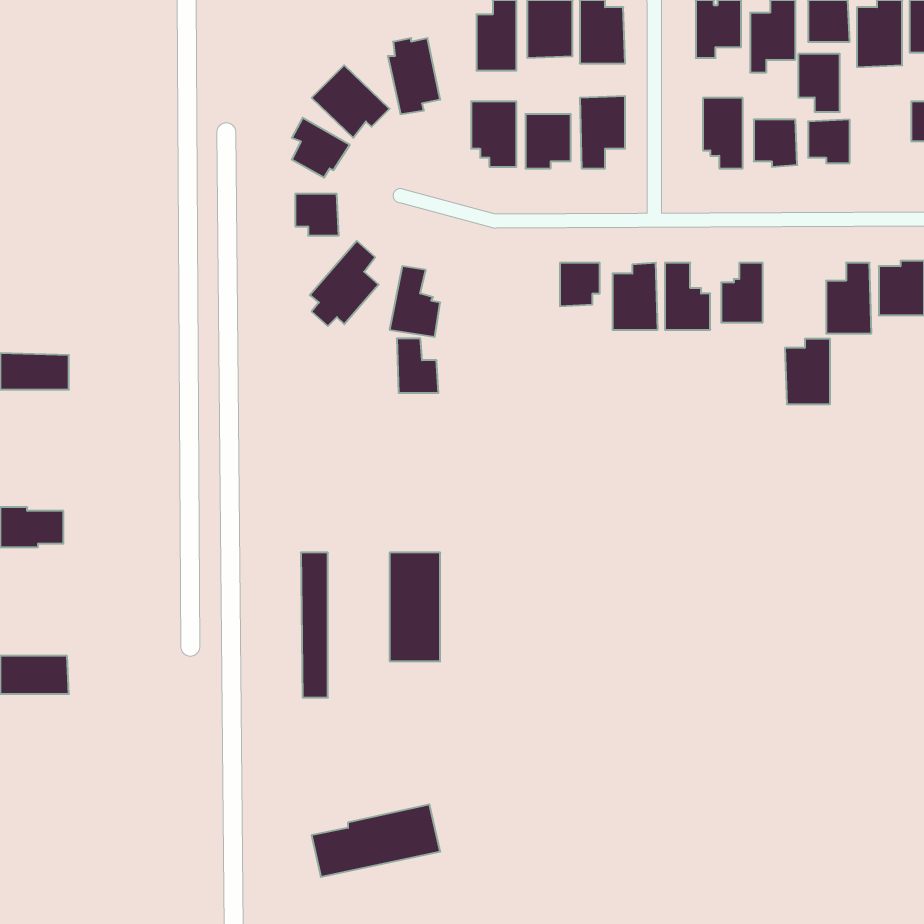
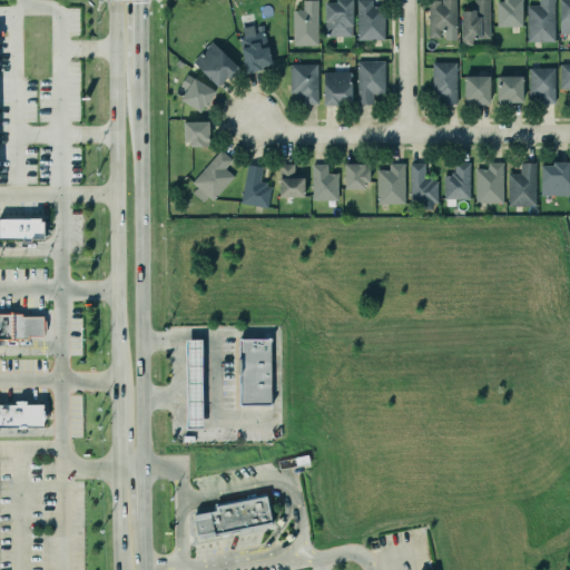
building: [798,54,840,112] -> [530,68,556,104]
building: none -> [313,164,338,200]
building: [397,339,438,393] -> [279,164,305,197]
building: [785,339,830,404] -> [475,163,503,203]

